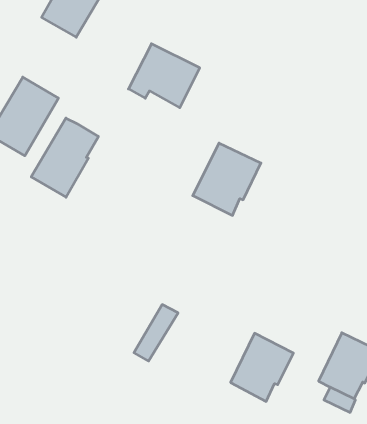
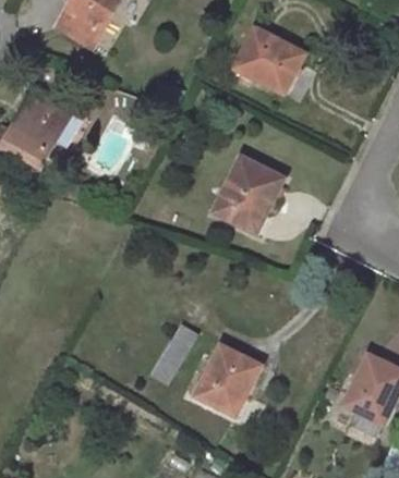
building: [128,44,200,108] -> [231,27,305,94]
building: [31,118,98,197] -> none
building: [231,333,293,401] -> [196,344,262,415]

